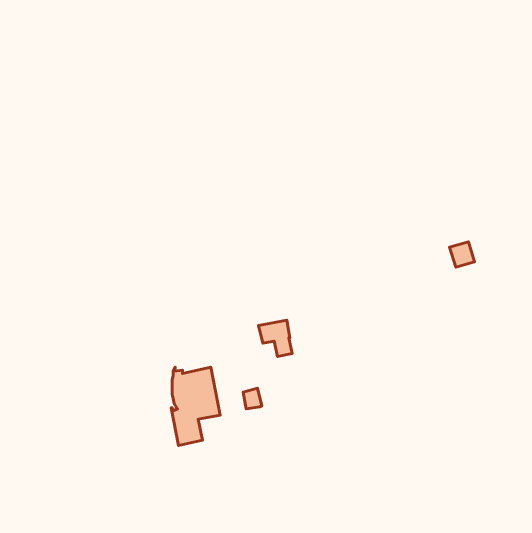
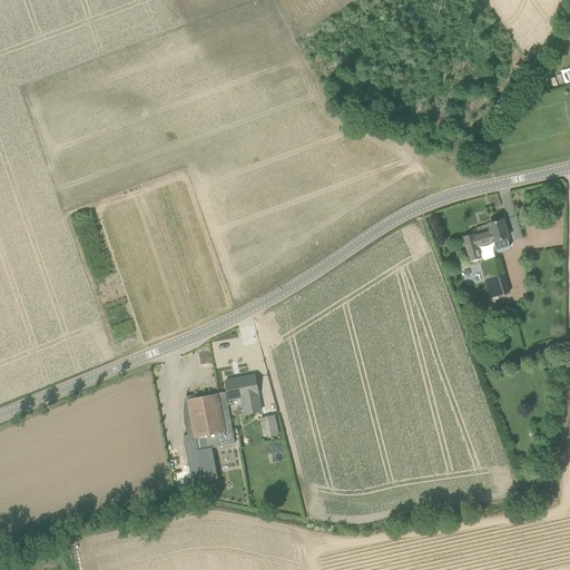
building: none -> [464,219,509,262]
building: [259,320,292,357] -> [226,375,262,414]

